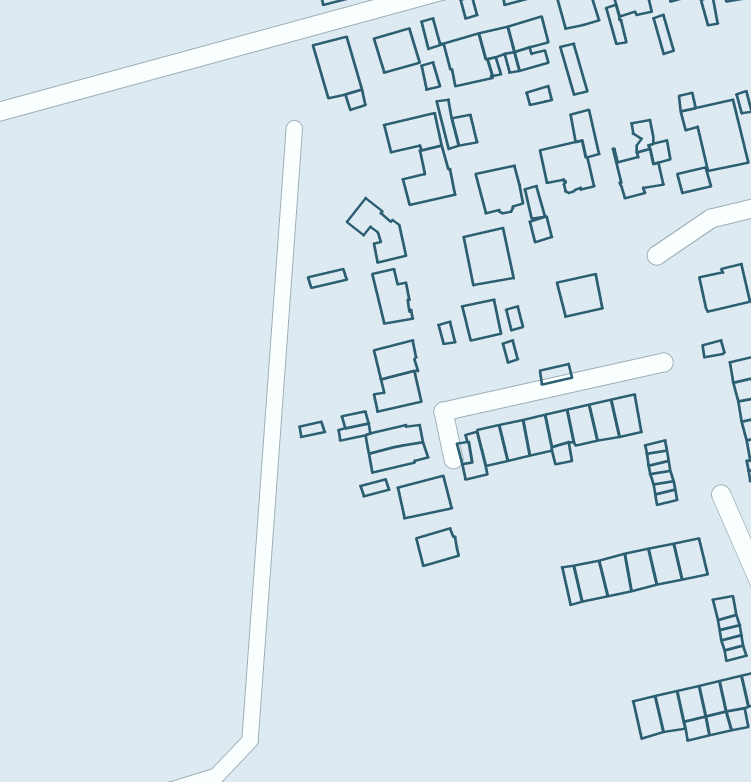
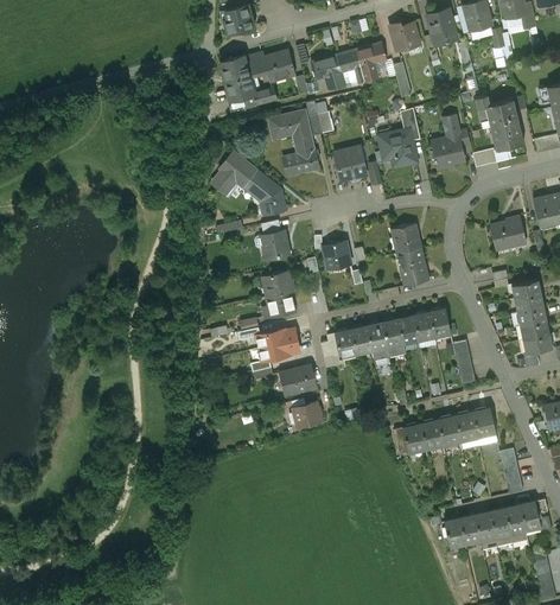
building: none -> [212,152,256,191]
building: [464,228,514,285] -> none
building: none -> [396,247,431,285]

